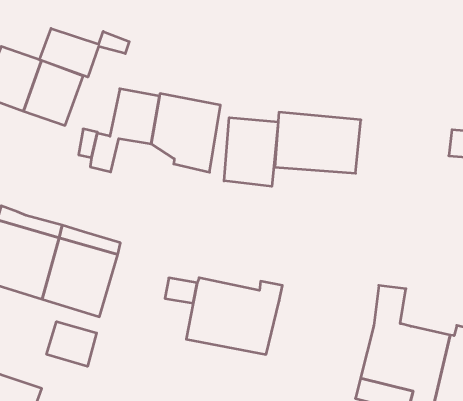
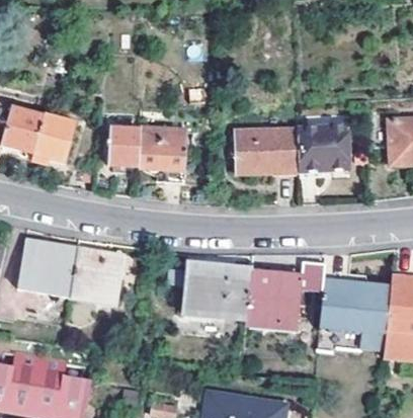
building: [40,28,129,77] -> none
building: [224,118,278,186] -> none
building: none -> [297,127,348,169]
building: none -> [245,262,325,327]
building: [47,322,97,366] -> none

